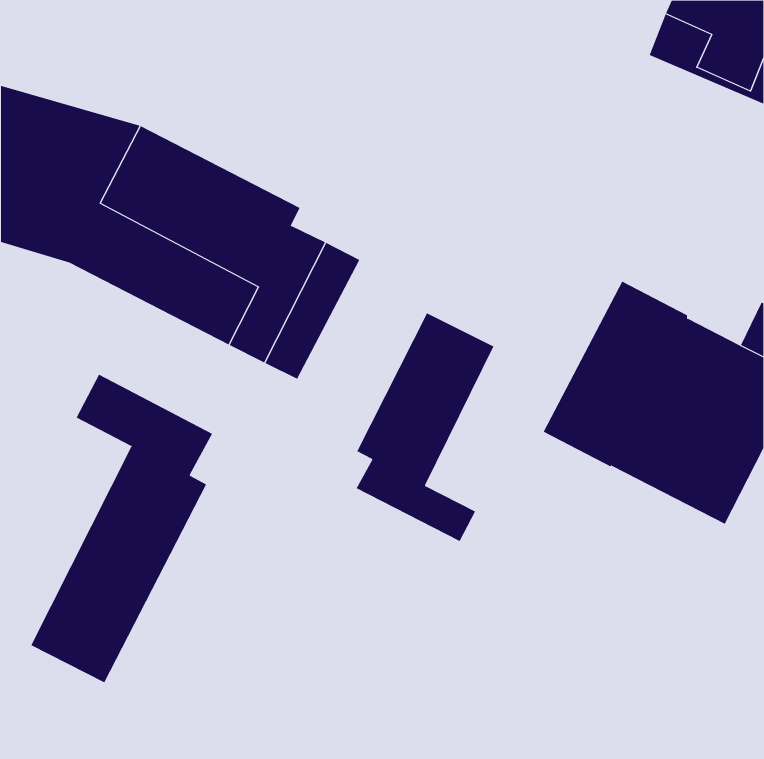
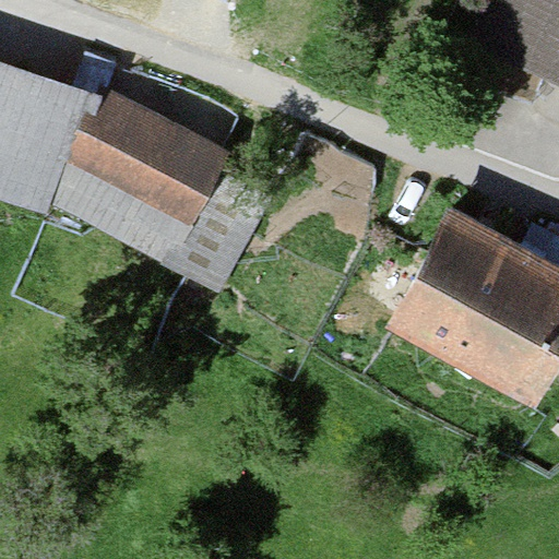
building: [356,312,494,542] -> none
building: [31,374,213,683] -> none

